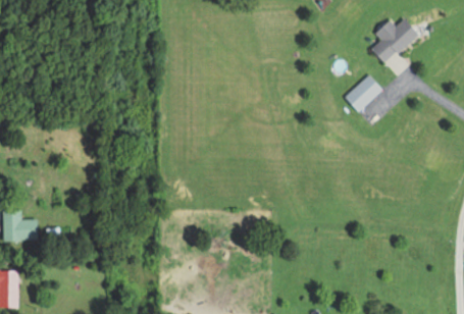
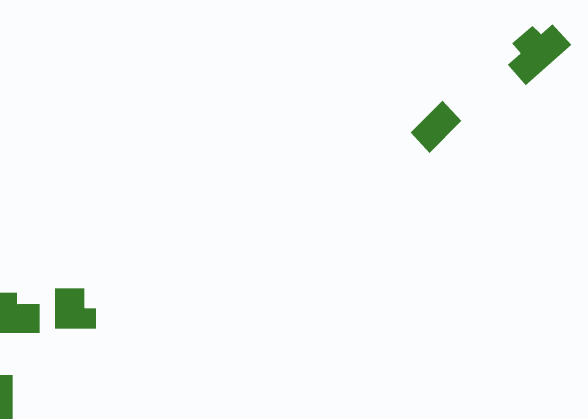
building: [345,74,382,113] -> [410,100,462,154]
building: none -> [55,288,97,330]

